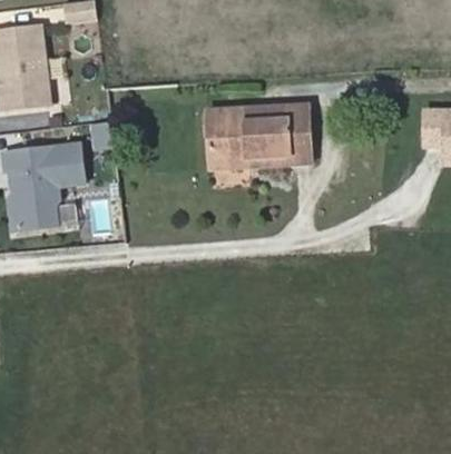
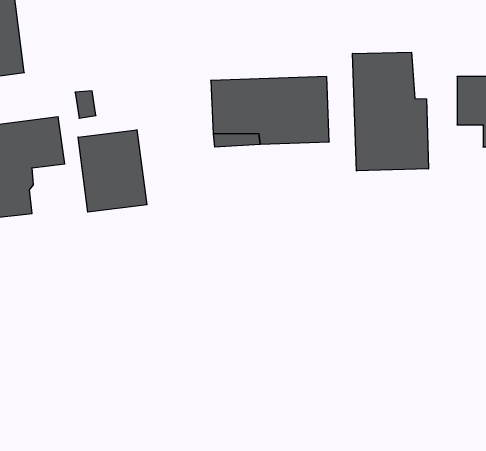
building: none -> [353,52,428,171]
building: none -> [78,130,147,212]

